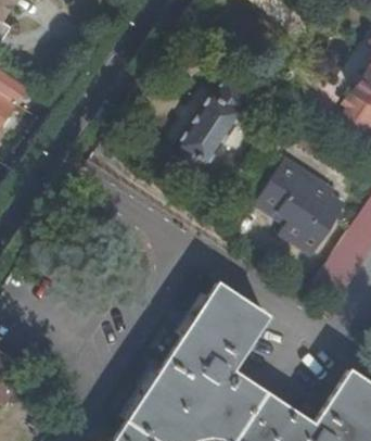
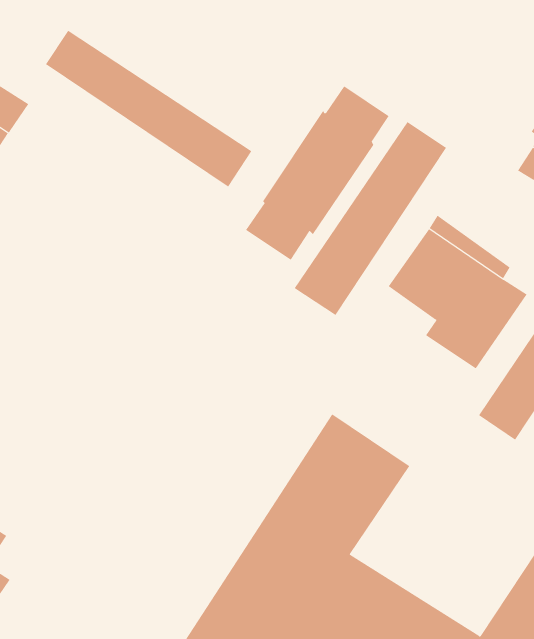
building: none -> [45,30,252,188]
building: none -> [294,121,447,316]

